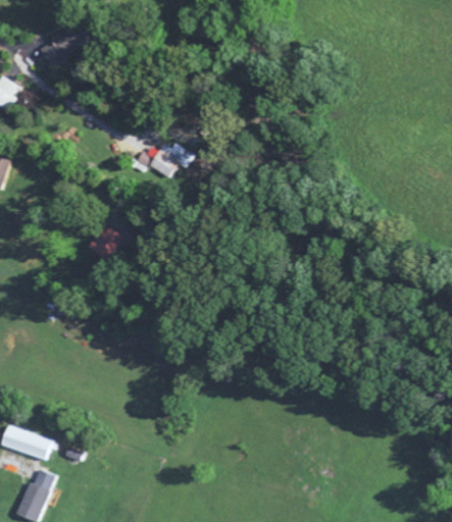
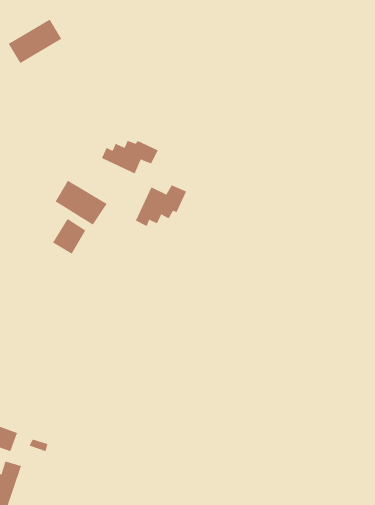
building: none -> [55,180,107,225]
building: none -> [135,184,187,227]

